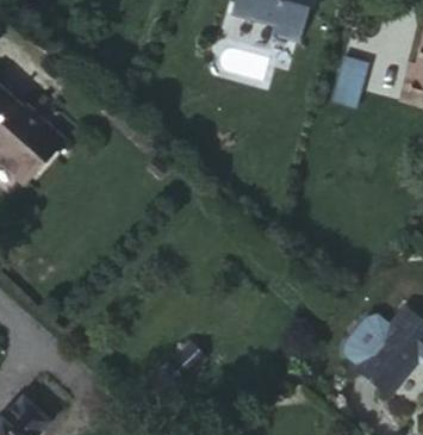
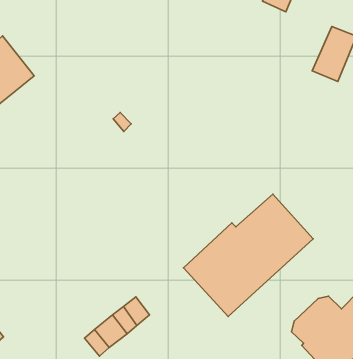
building: none -> [184,194,313,317]

